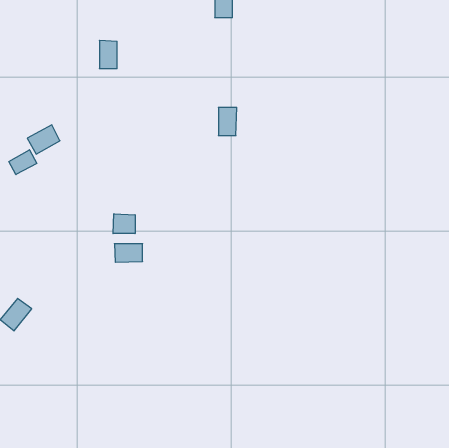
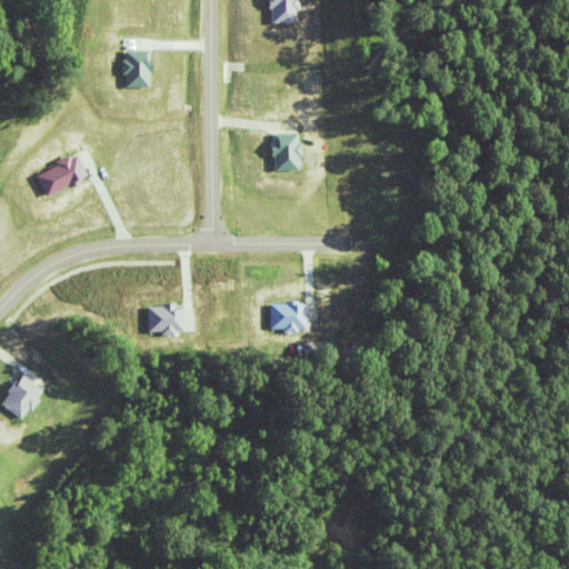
building: [9,150,37,175] -> none
building: [113,214,135,234] -> none
building: none -> [269,305,303,328]

